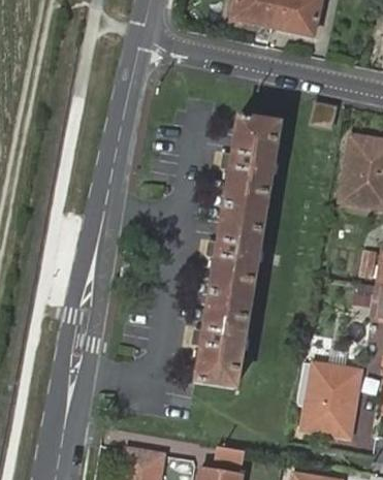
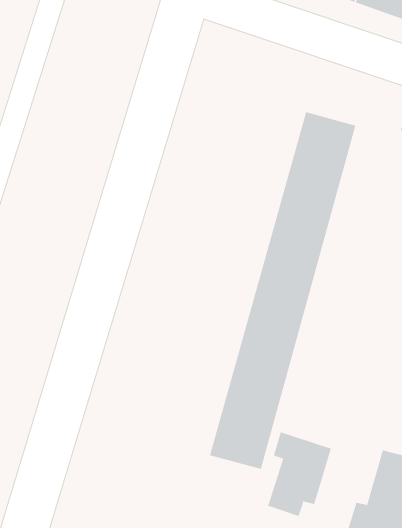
building: none -> [268,431,332,517]

